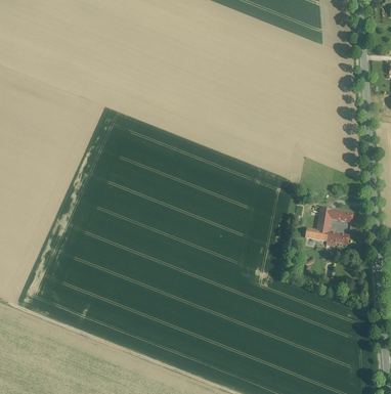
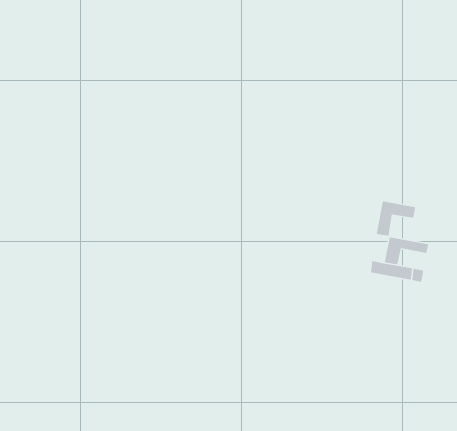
building: none -> [376,200,416,236]

